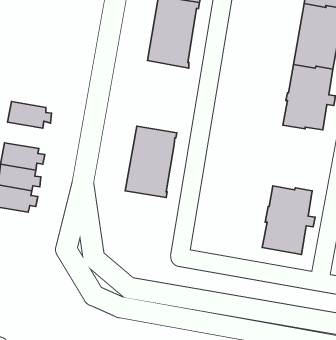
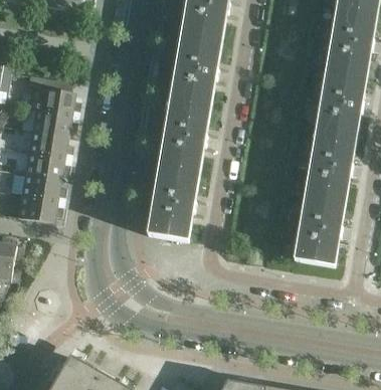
building: none -> [164,67,217,142]
building: none -> [35,87,79,116]
building: none -> [28,131,72,158]
building: none -> [304,134,357,201]
building: none -> [147,201,194,241]

